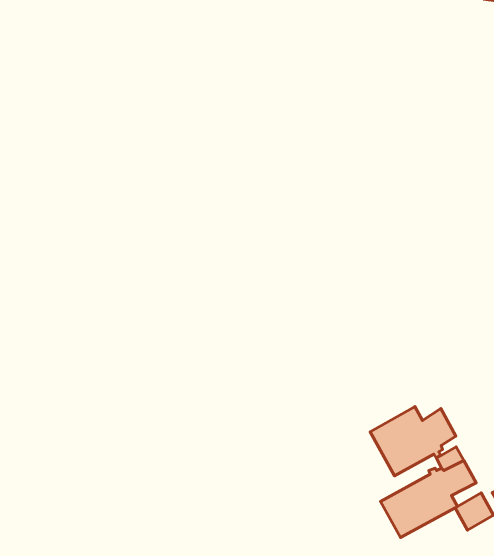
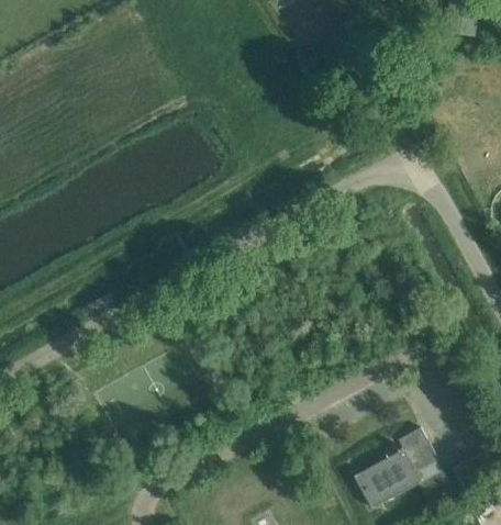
building: [370,407,456,476] -> none

